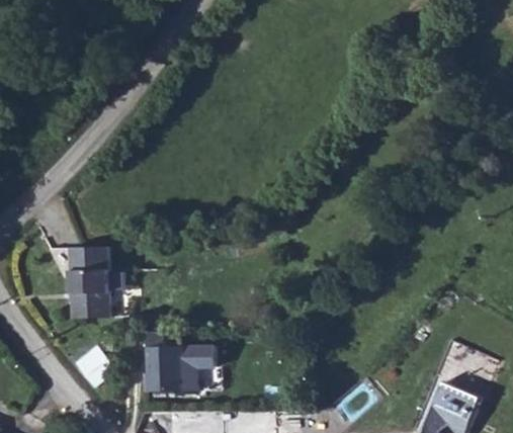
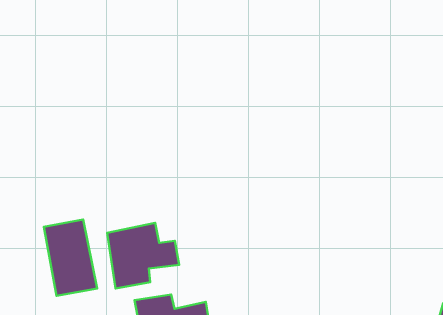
building: none -> [107,223,179,289]

